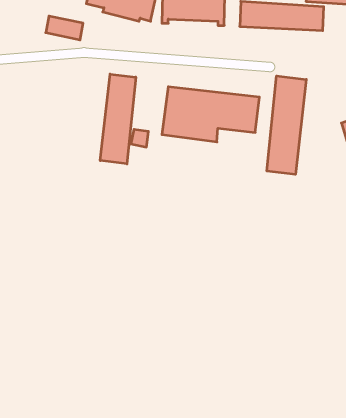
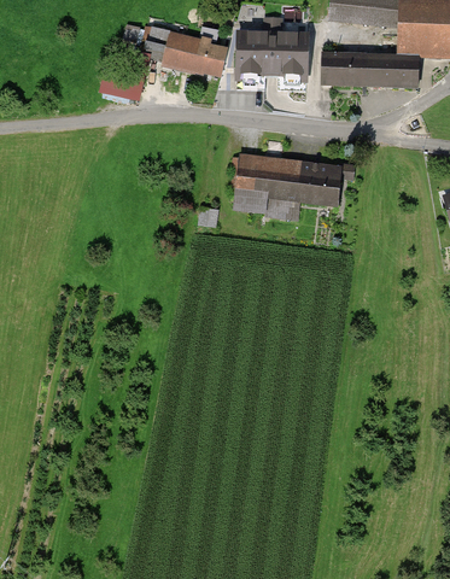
building: [100,74,136,164] -> none
building: [267,76,306,174] -> none

